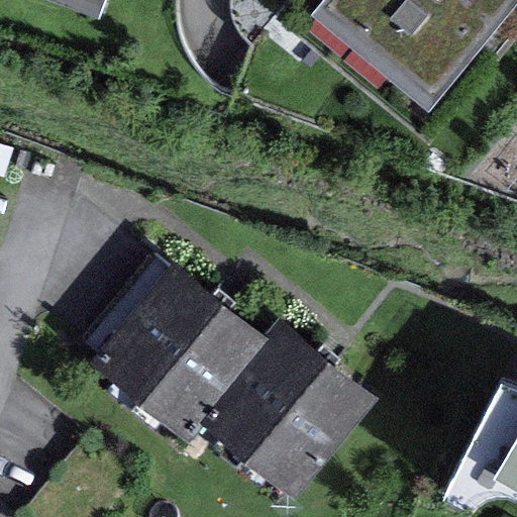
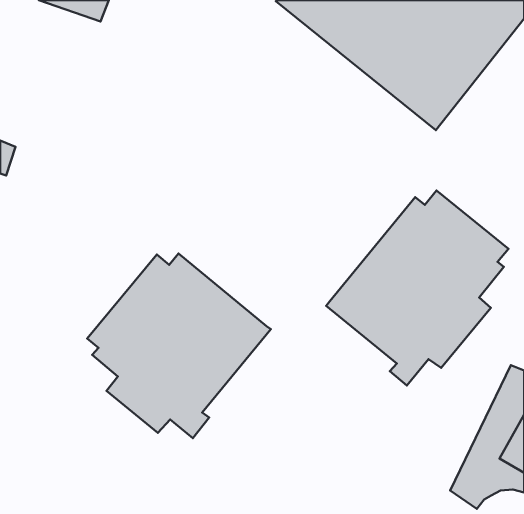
building: none -> [326,190,508,386]
building: [199,312,380,496] -> none

